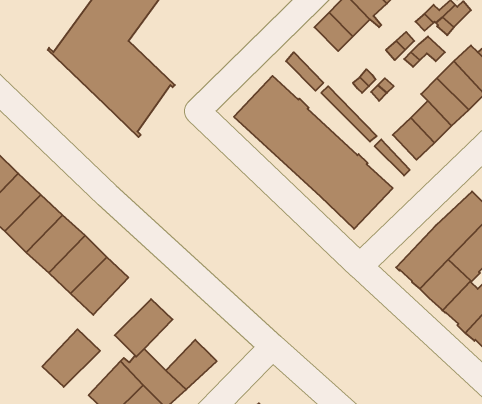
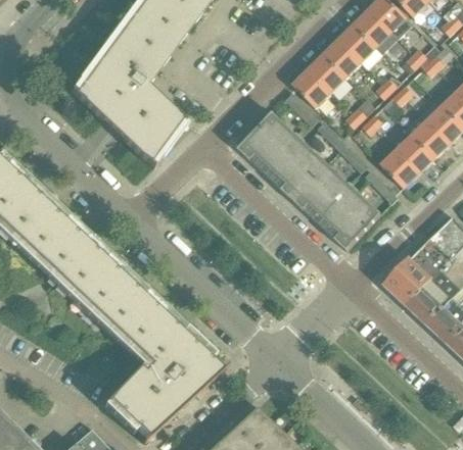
building: none -> [293,68,332,107]
building: none -> [157,332,203,378]
building: [42,329,100,387] -> [111,294,164,346]

